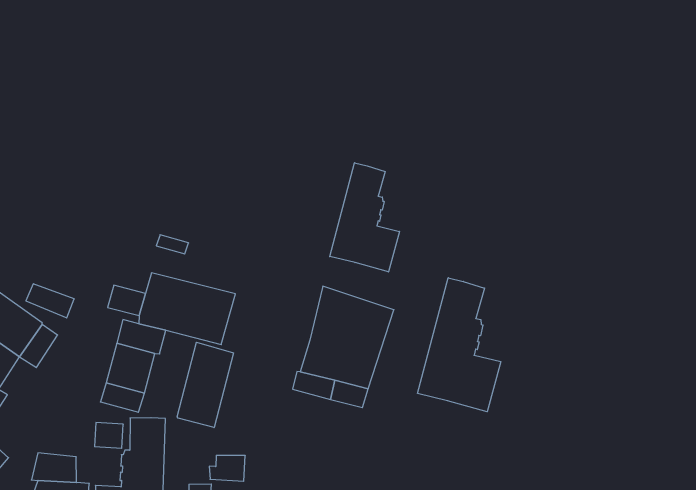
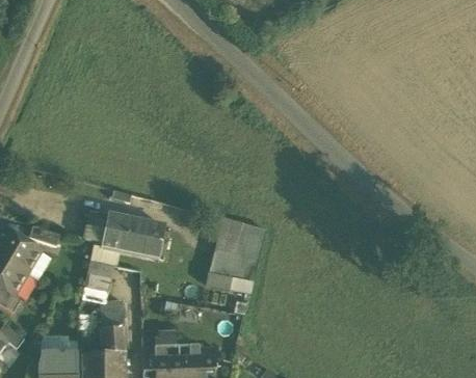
building: [330,163,399,272] -> none
building: [418,278,501,412] -> none
building: [177,342,234,428] -> none

